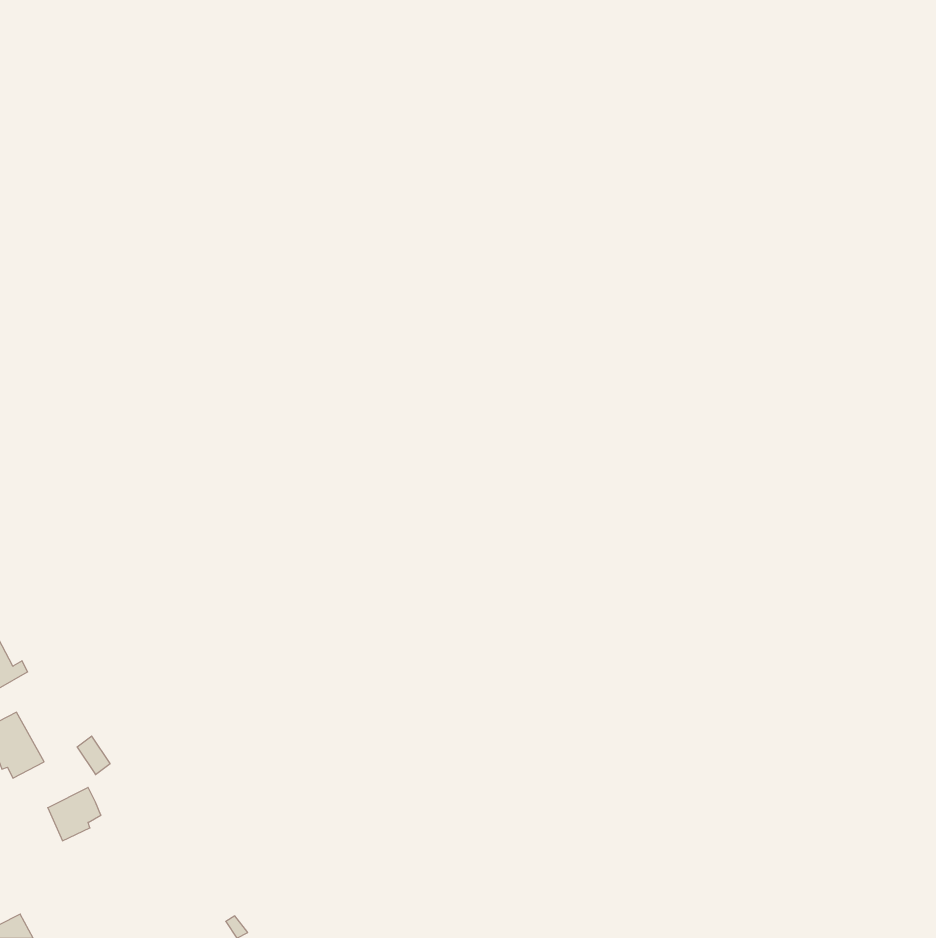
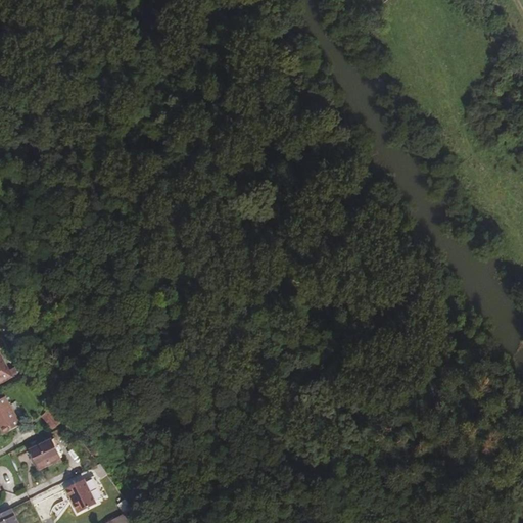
building: none -> [64,479,96,512]

